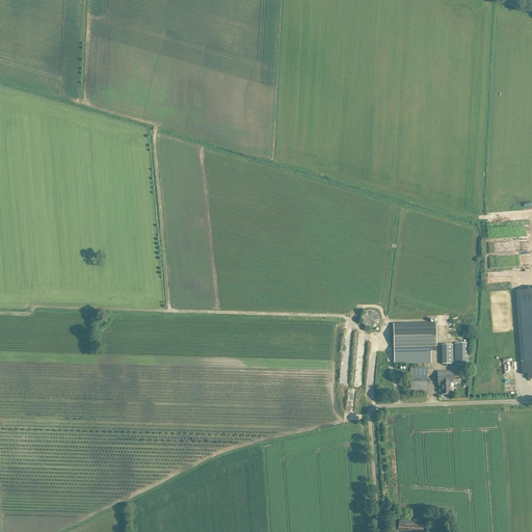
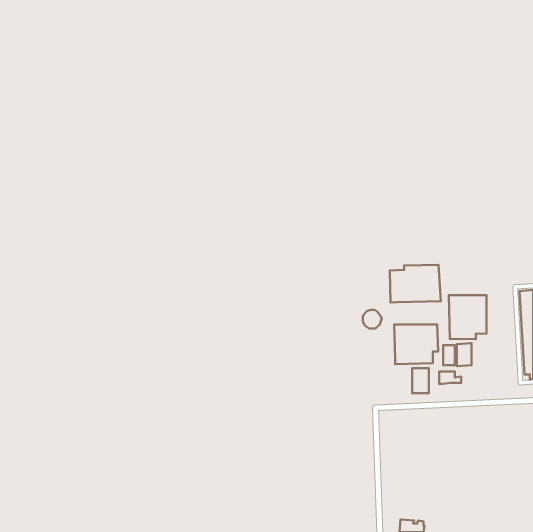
building: none -> [390,265,441,303]
building: none -> [449,295,487,339]

